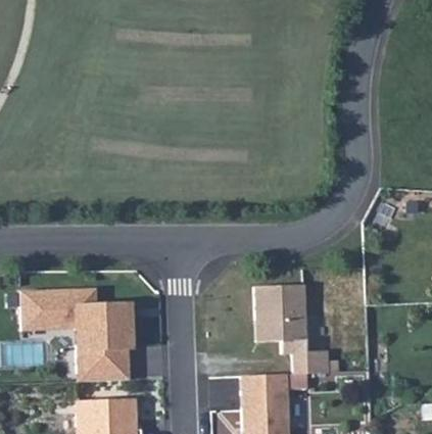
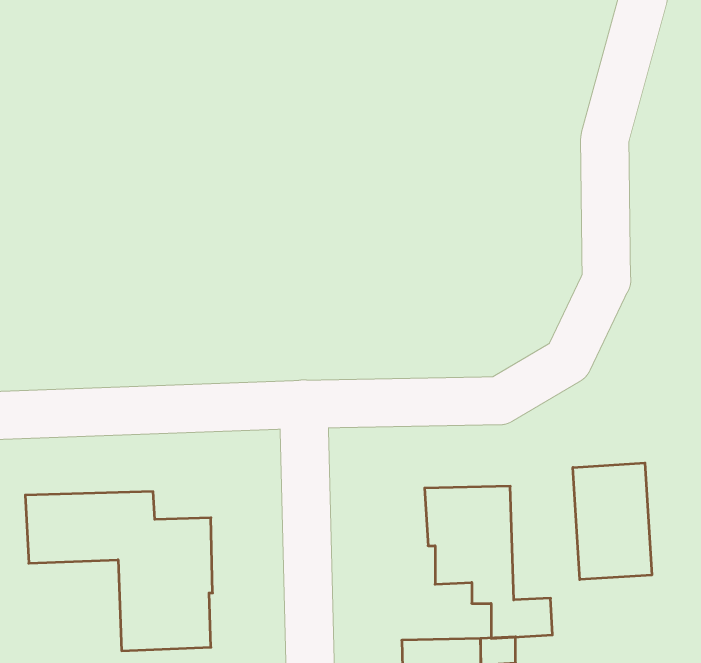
building: none -> [573,463,652,580]

